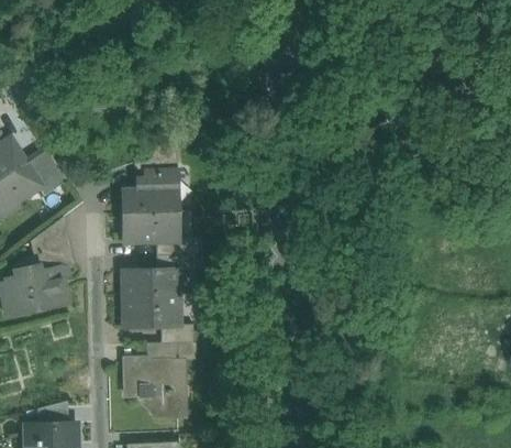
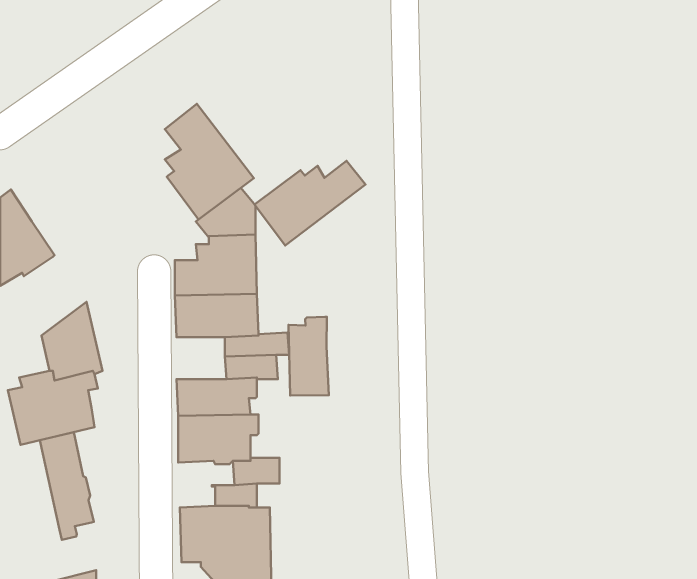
building: none -> [165,104,254,220]
building: none -> [255,161,366,245]
building: [24,149,68,196] -> none
building: none -> [288,317,329,395]
building: none -> [40,432,94,540]

